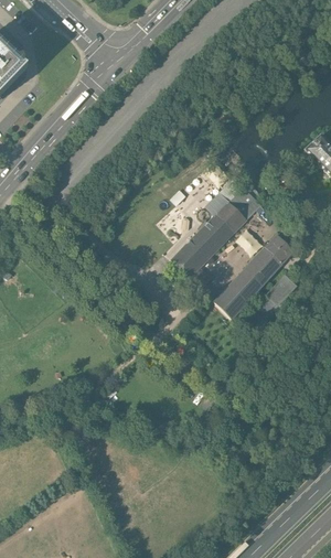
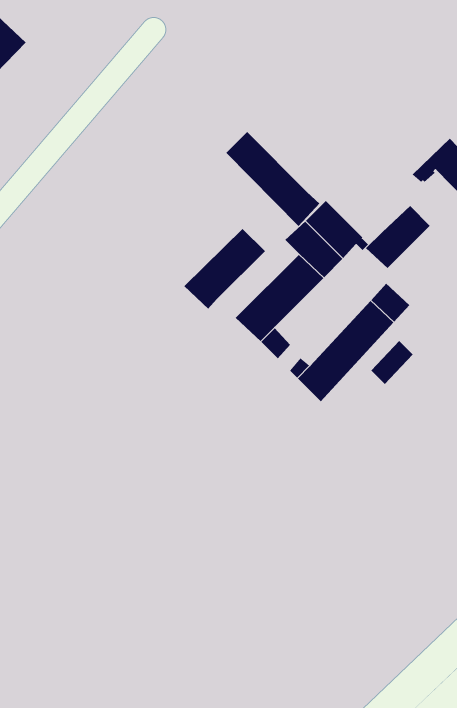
building: none -> [226,131,320,227]
building: none -> [365,205,431,269]
building: none -> [184,228,266,309]

